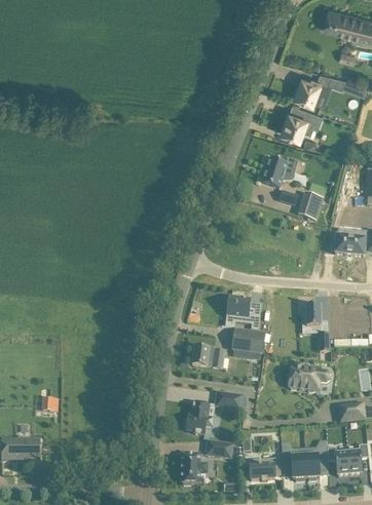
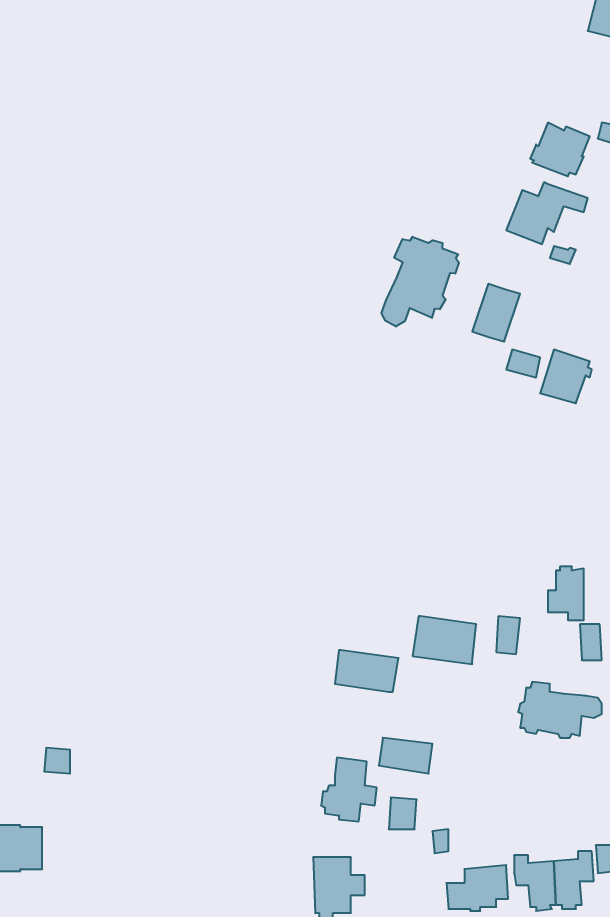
building: none -> [381,237,459,327]
building: [228,298,260,332] -> none
building: [206,440,233,459] -> none

